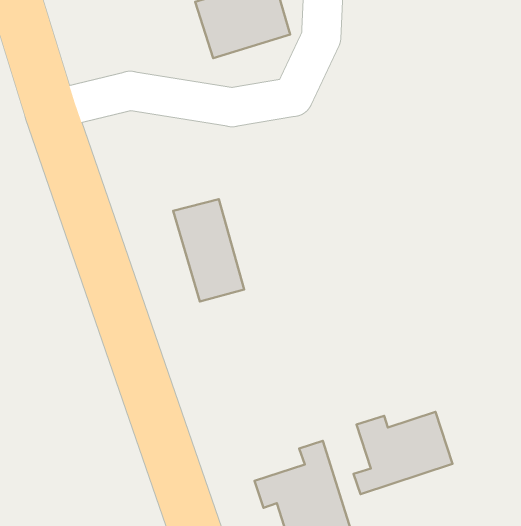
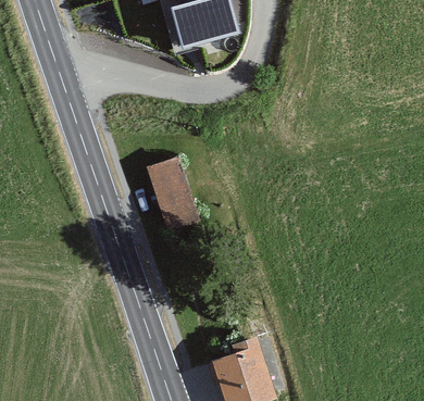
building: [354,412,452,494] -> none

